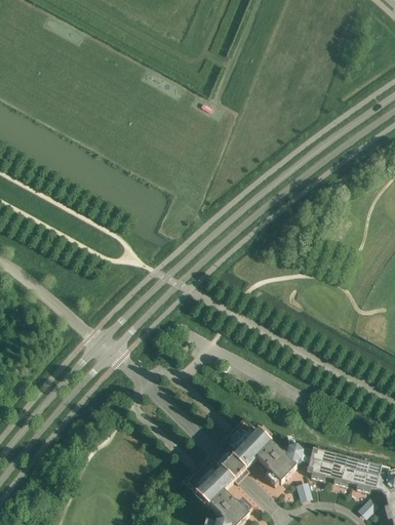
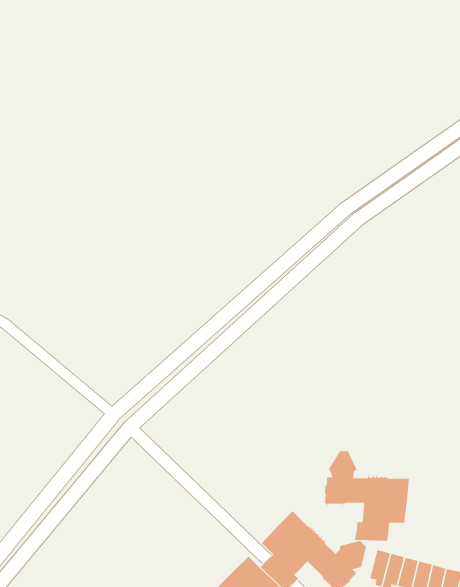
building: none -> [324,451,409,542]

